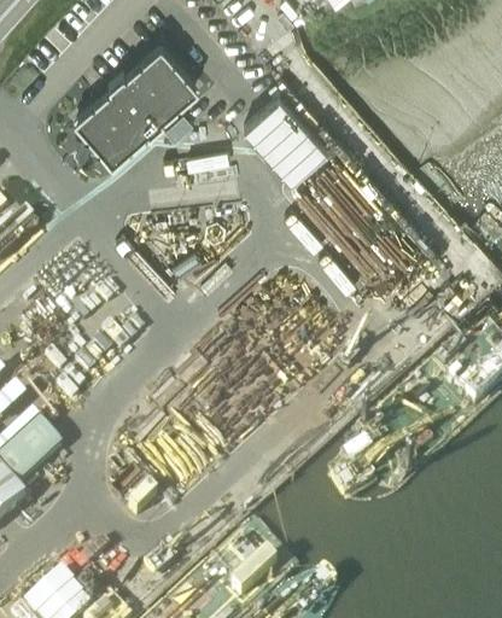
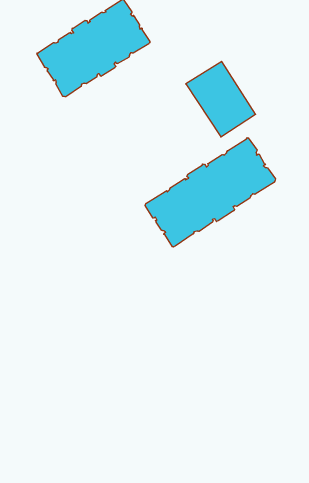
building: none -> [145,138,276,247]

